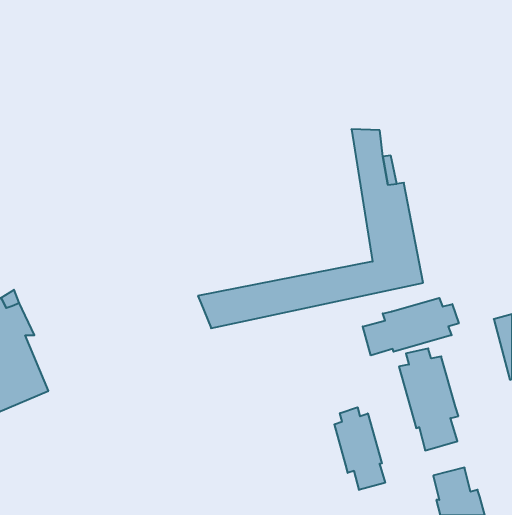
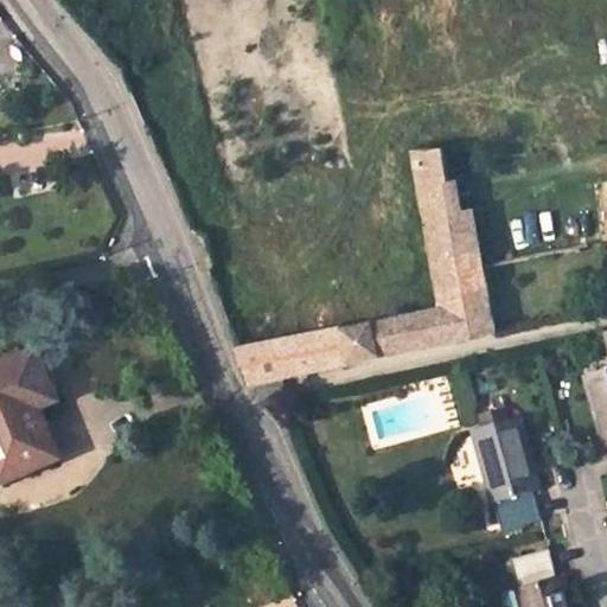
building: [363,298,459,355] -> none
building: [334,407,385,490] -> none

